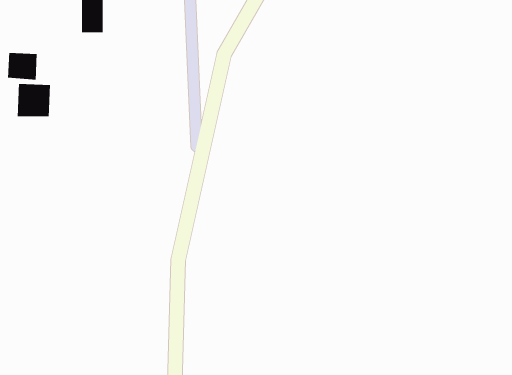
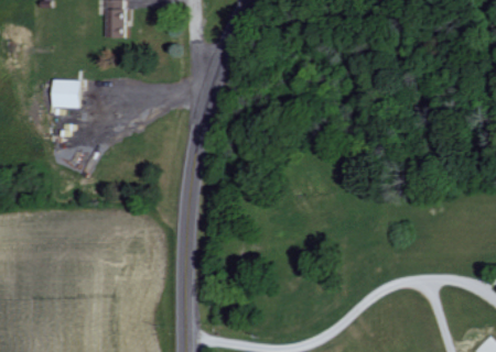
building: [7,52,38,81] -> none

